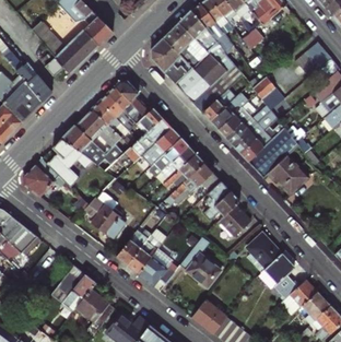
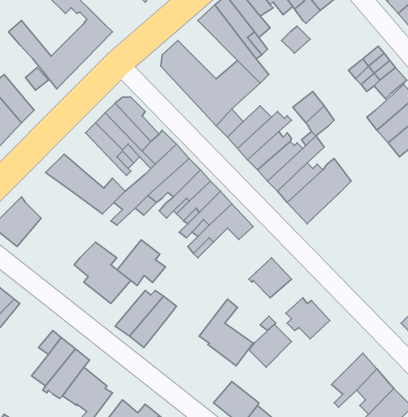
building: [163,22,209,67] -> none
building: [75,108,119,143] -> none
building: [46,139,80,185] -> none
building: [267,155,307,194] -> none
building: [205,180,239,215] -> none
building: [137,250,174,285] -> [117,240,165,285]
building: [260,252,293,285] -> [249,324,292,367]

